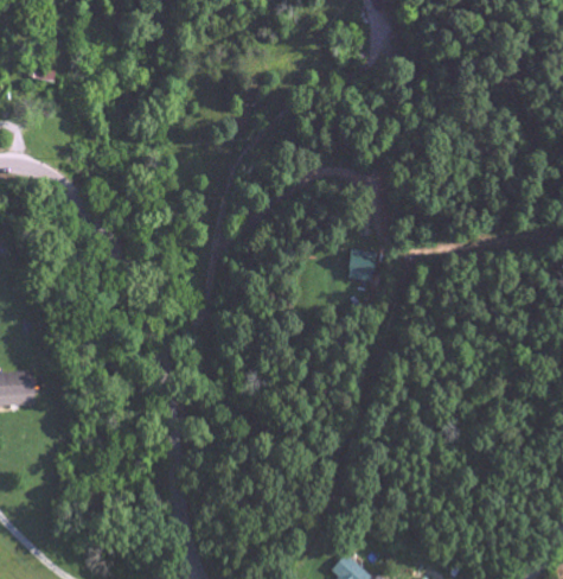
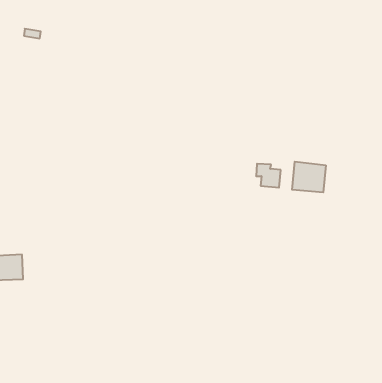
building: none -> [292,162,326,192]

